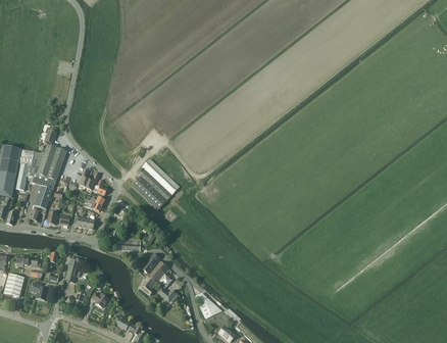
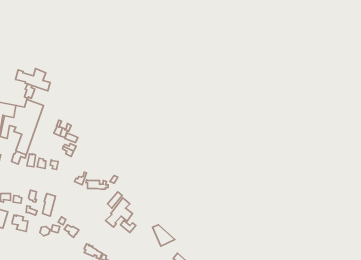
building: none -> [16,68,50,91]
building: [133,158,180,209] -> none

